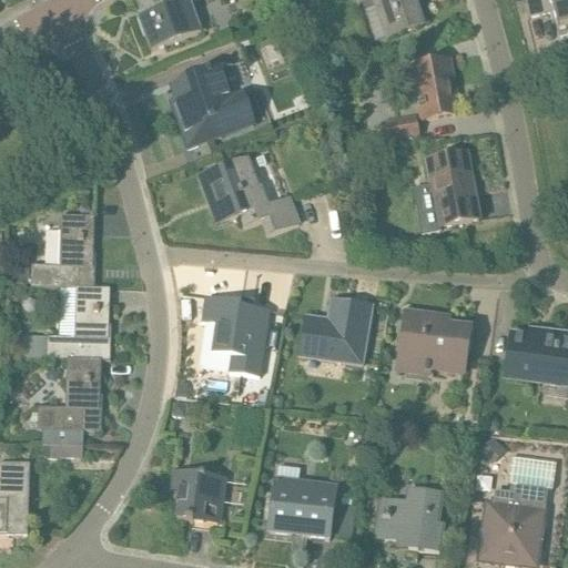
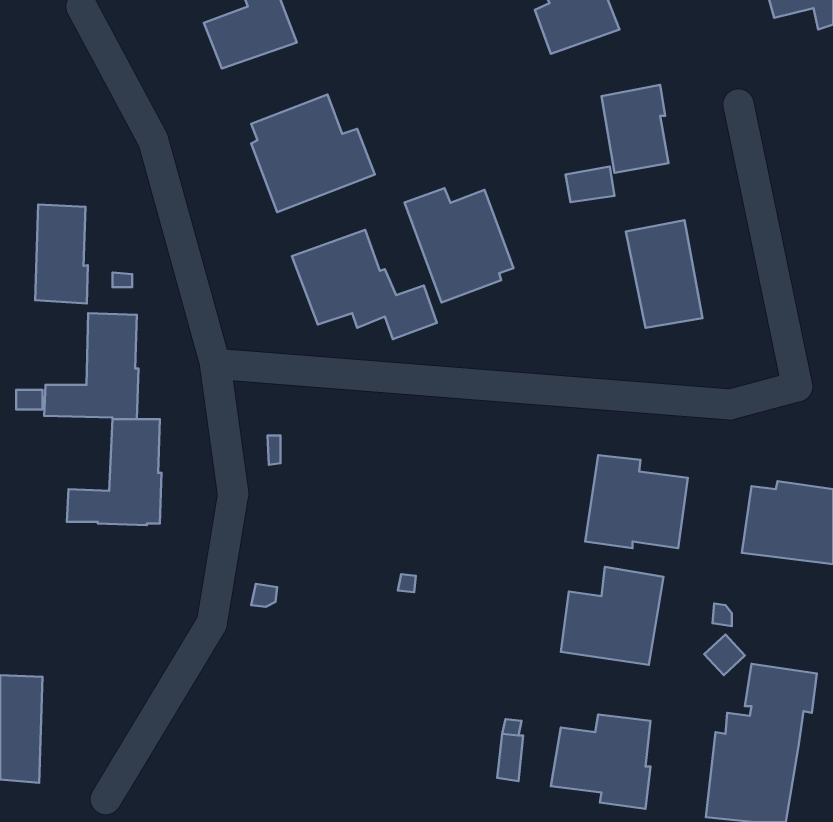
building: none -> [405,188,513,302]
building: none -> [35,205,88,304]
building: [202,295,268,373] -> none
building: [301,297,371,364] -> [561,567,663,665]
building: [37,356,102,443] -> none
building: [172,467,226,521] -> none
building: [268,475,336,535] -> none

